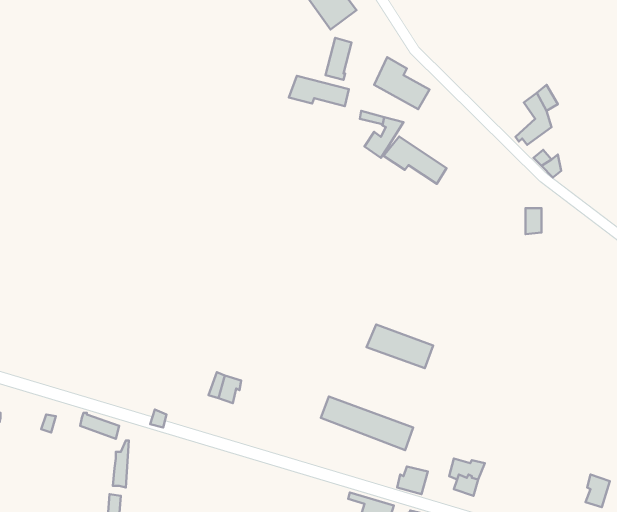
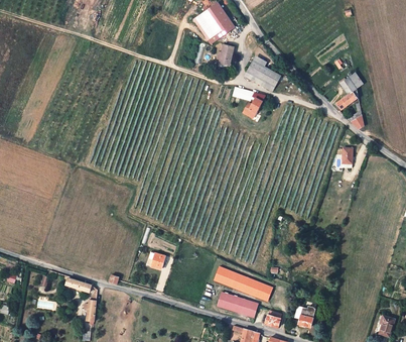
building: [289,76,349,106] -> none
building: [383,136,446,184] -> none
building: [366,324,433,368] -> [216,292,257,319]

